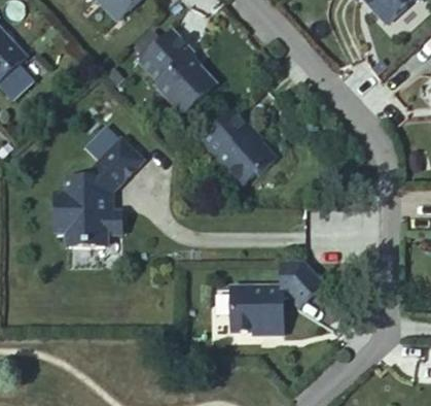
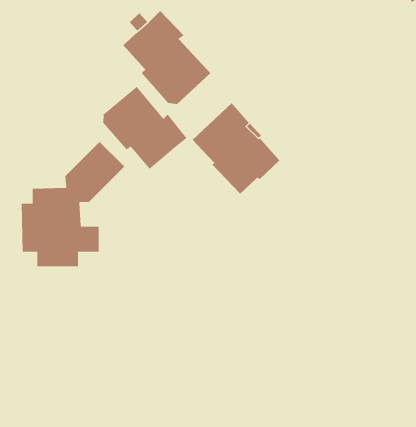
building: none -> [103,86,188,170]
building: [230,260,326,333] -> none

